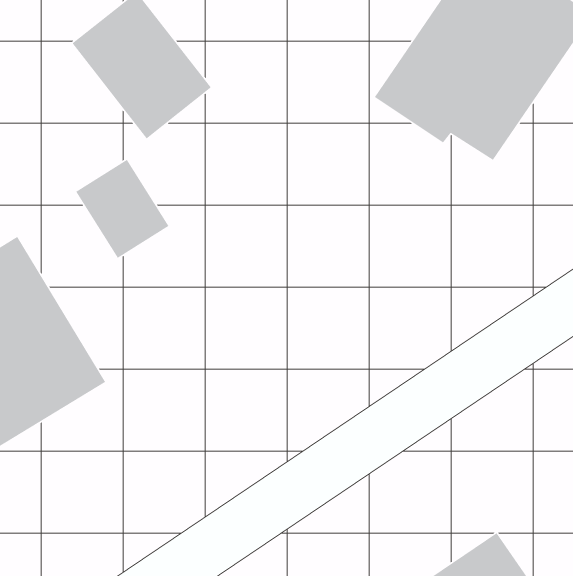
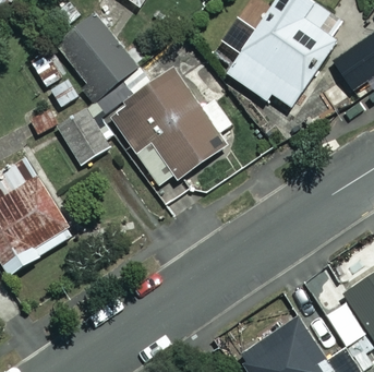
building: none -> [110,70,232,189]

